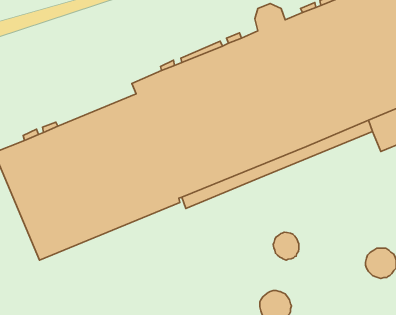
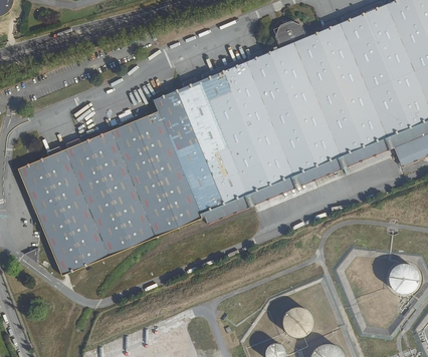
building: [273,232,299,260] -> none

